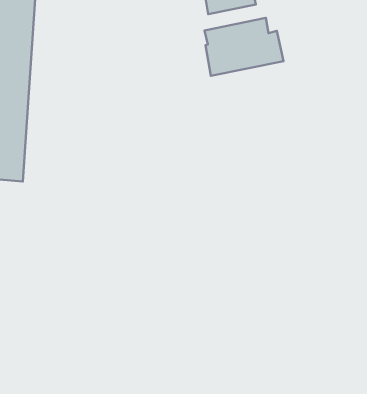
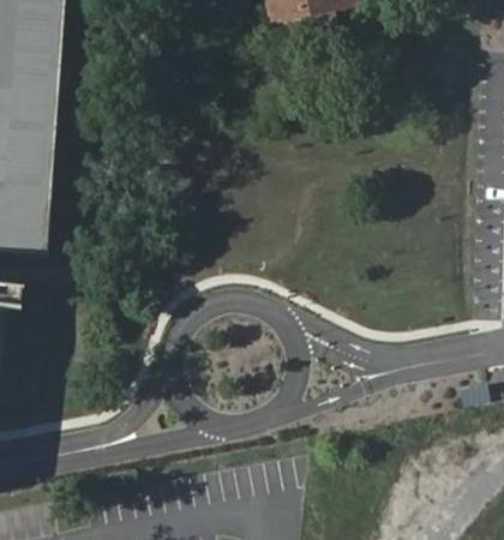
building: [204,18,283,76] -> none

